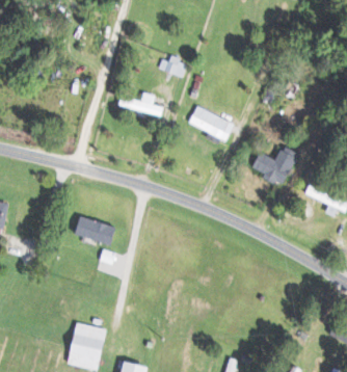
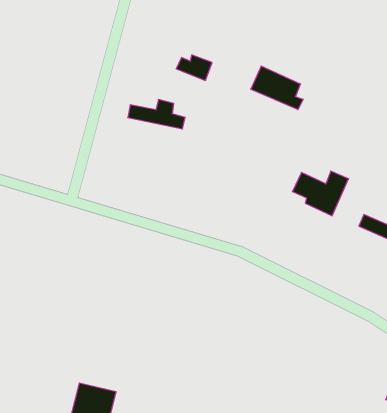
building: [188,106,231,141] -> [251,66,303,110]
building: [76,216,117,245] -> none

